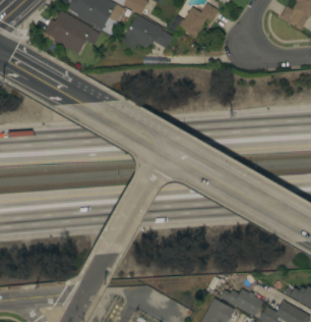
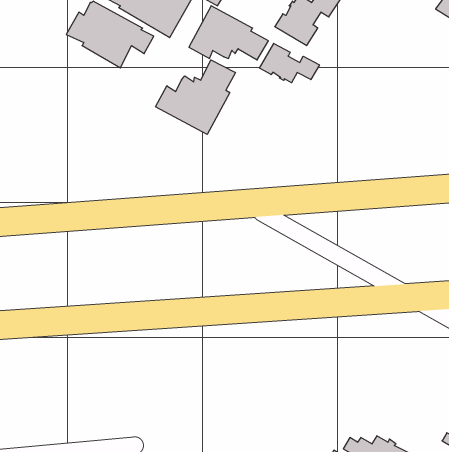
building: none -> [259,43,319,83]
building: none -> [156,60,235,134]

